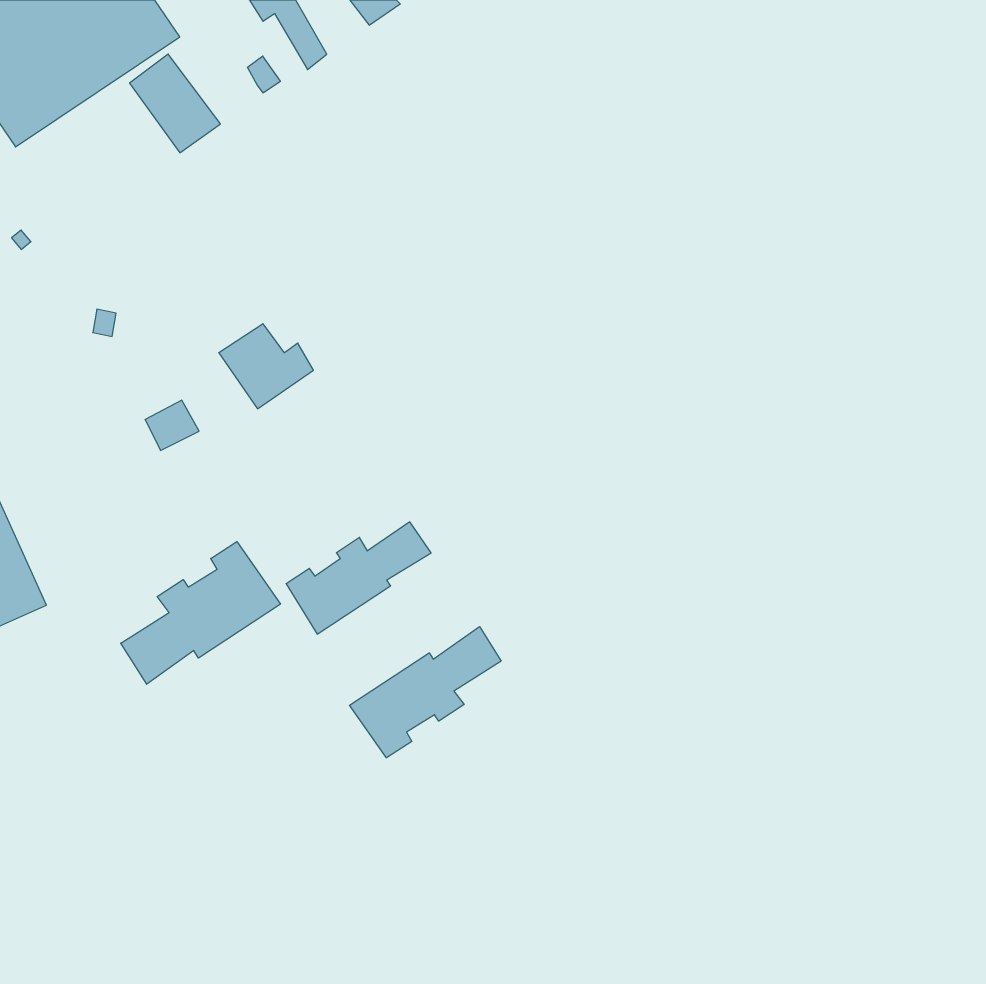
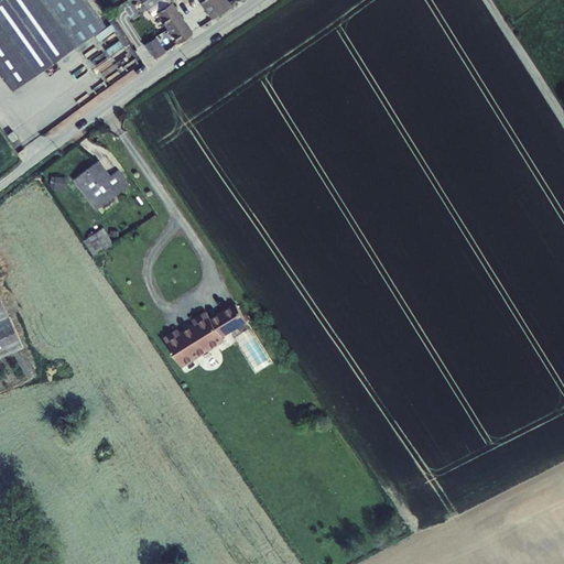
building: [219,324,313,409] -> [74,162,128,210]
building: [121,542,280,684] -> none
building: [350,627,501,758] -> none

